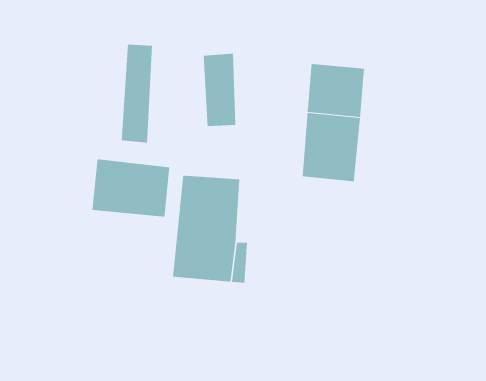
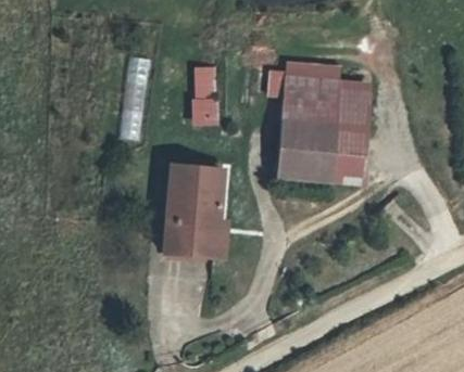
building: none -> [319,77,363,177]
building: [92,158,170,218] -> none

